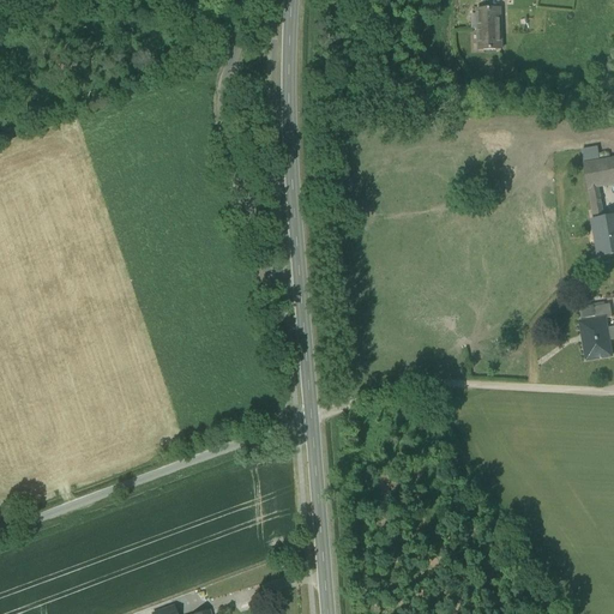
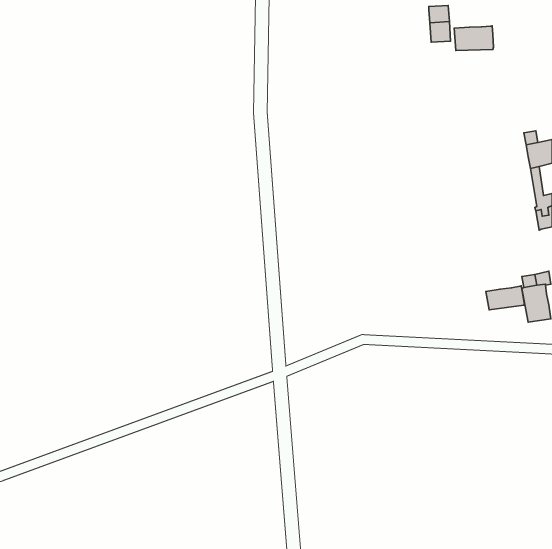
building: none -> [454,26,493,51]
building: none -> [486,286,524,310]

